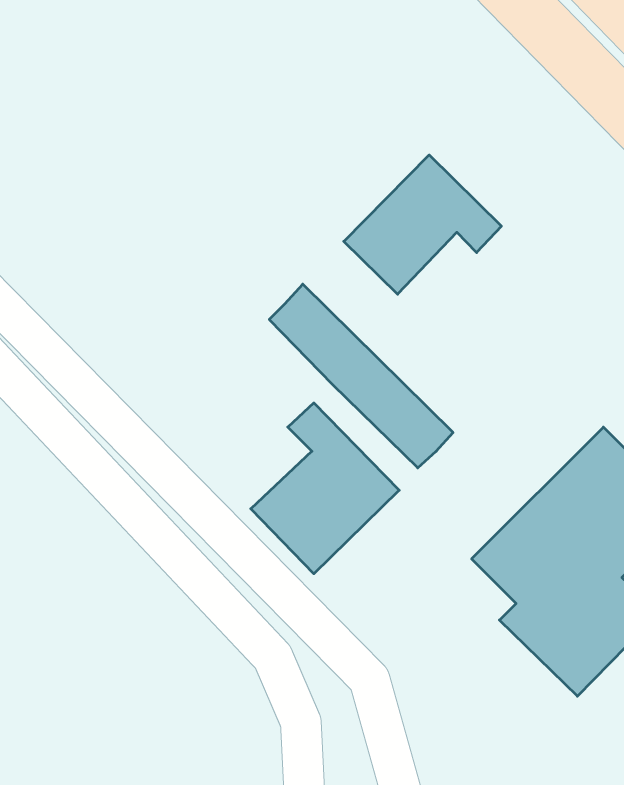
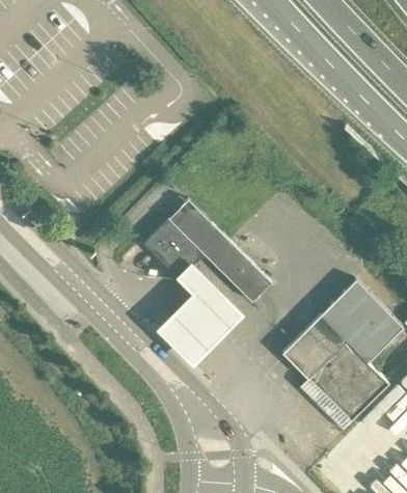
building: [344,155,501,294] -> none
building: none -> [144,220,205,280]

